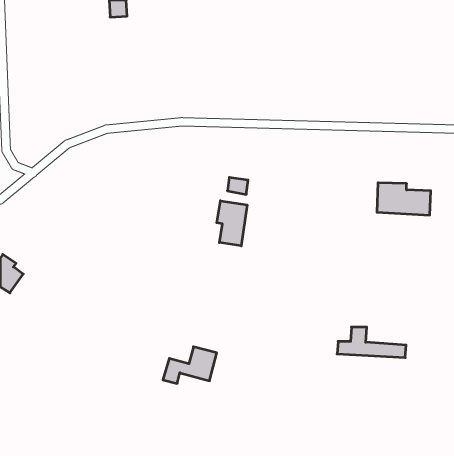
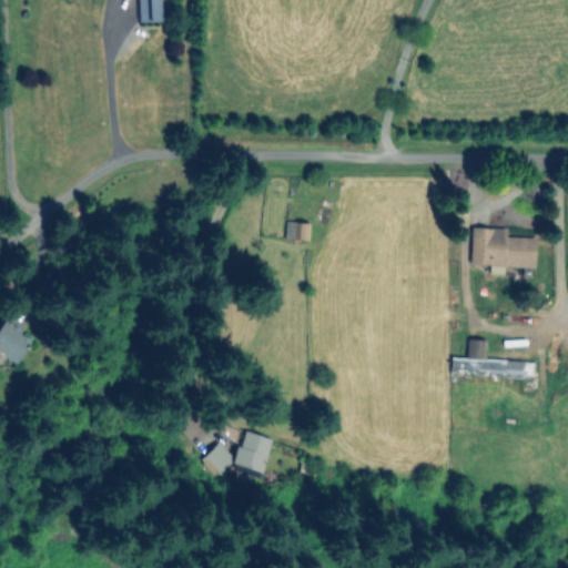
building: [217,201,247,246] -> none
building: [337,327,406,358] -> [452,341,537,378]

